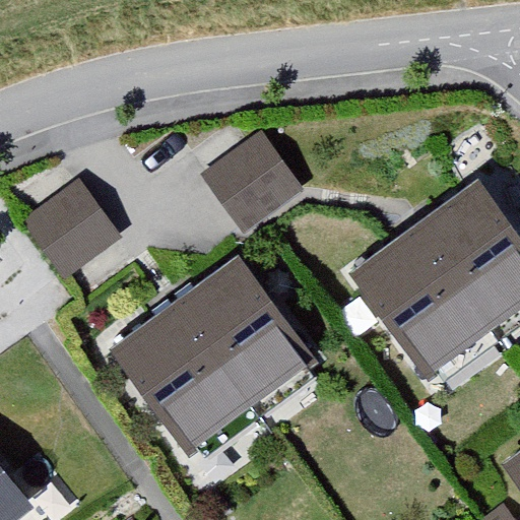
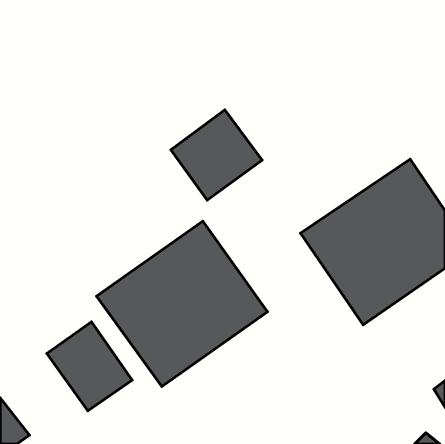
building: [25,177,123,274] -> none
building: none -> [47,322,132,411]

